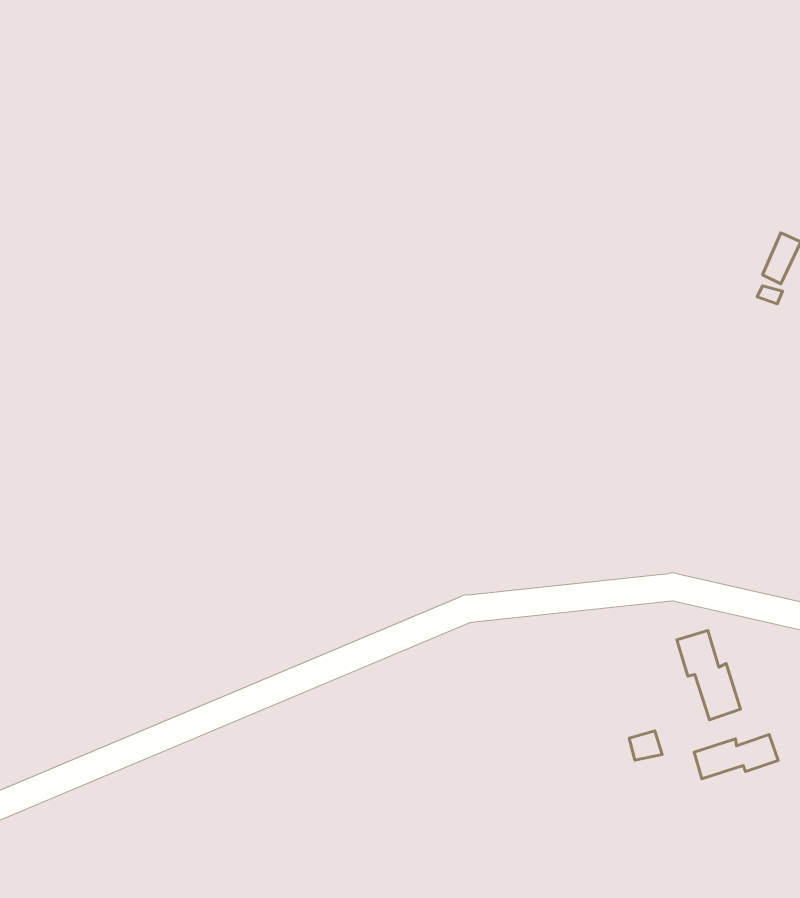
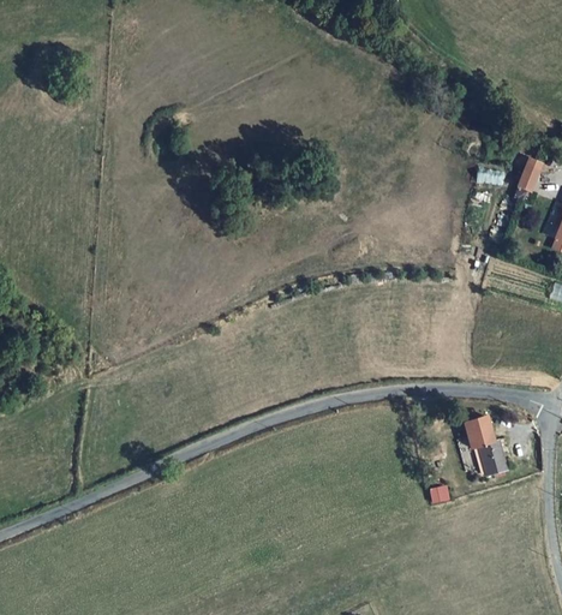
building: [694,735,778,779] -> none

